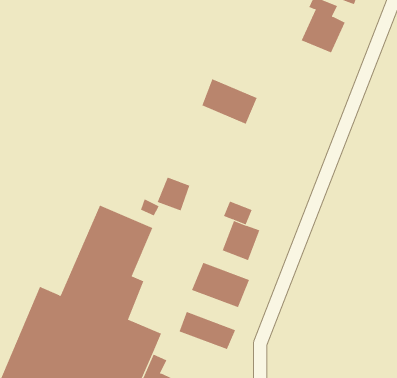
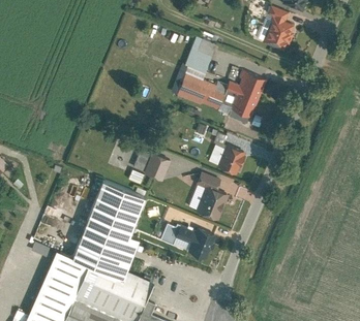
building: none -> [186,37,216,73]
building: none -> [227,72,267,120]
building: none -> [218,146,246,174]
building: [179,311,236,350] -> none

